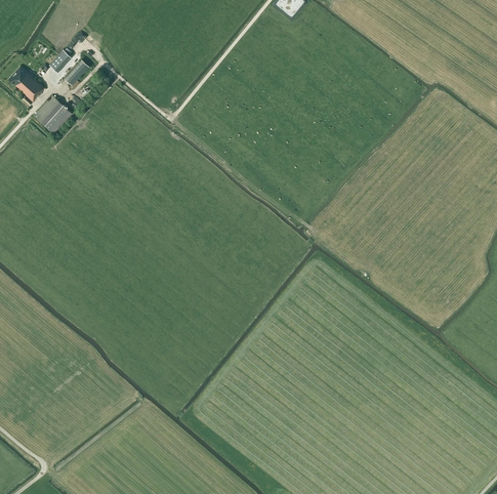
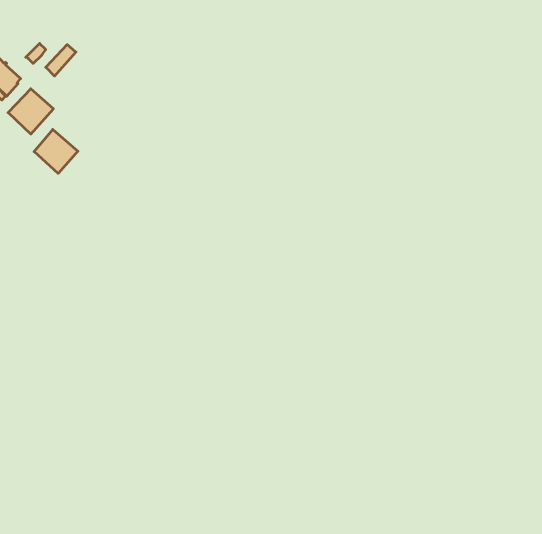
building: none -> [34,129,78,173]

